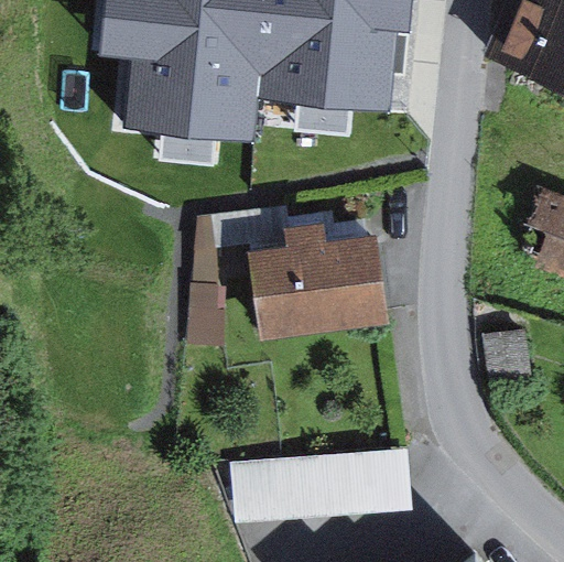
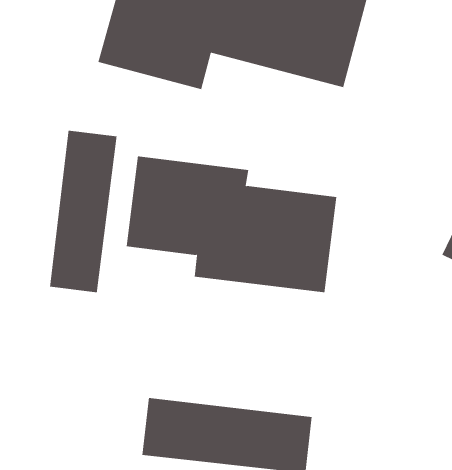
building: none -> [49,130,117,293]

